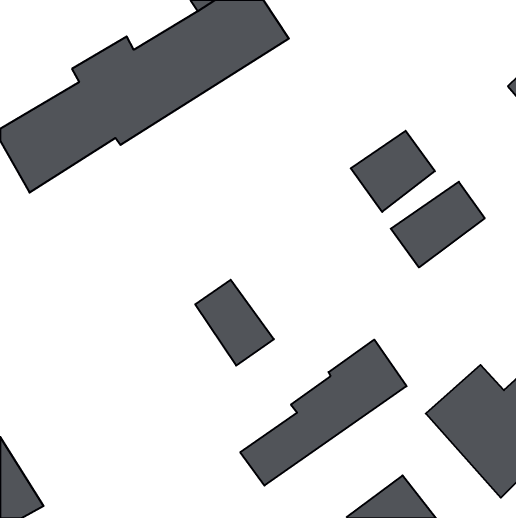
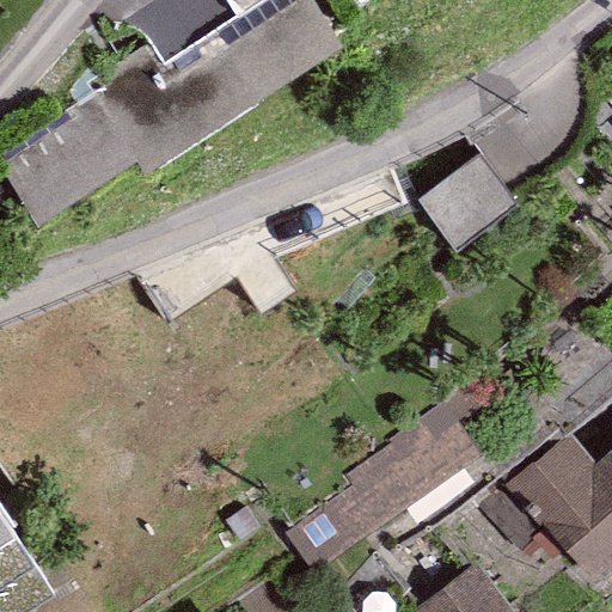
building: [391,182,485,267] -> none
building: [195,280,274,366] -> none

